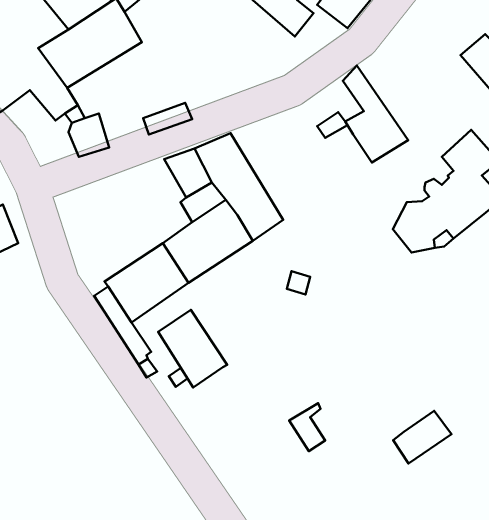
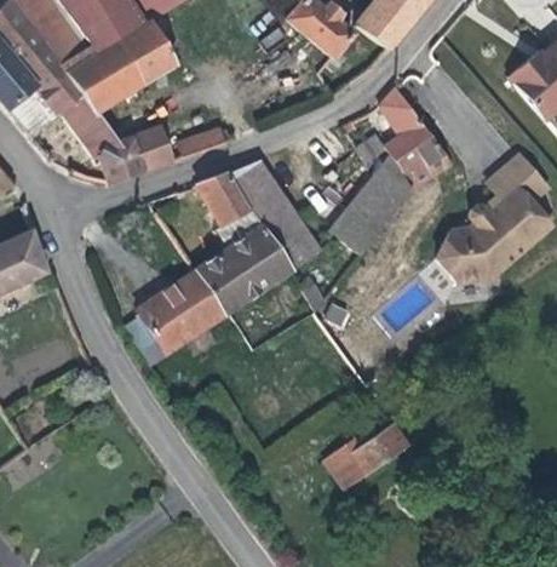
building: none -> [130,127,171,172]
building: none -> [328,159,413,257]
building: [158,310,227,387] -> none
building: [393,411,452,463] -> [349,422,409,476]

